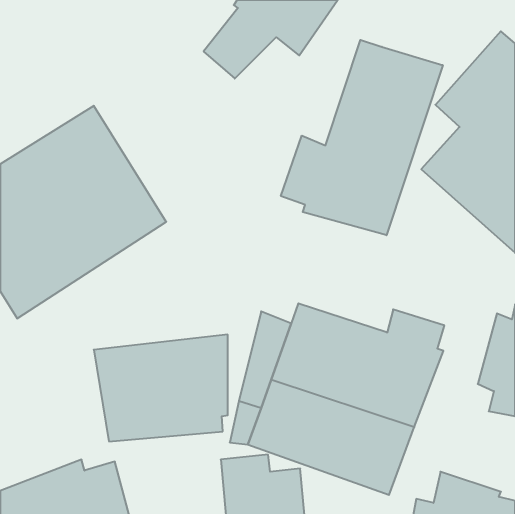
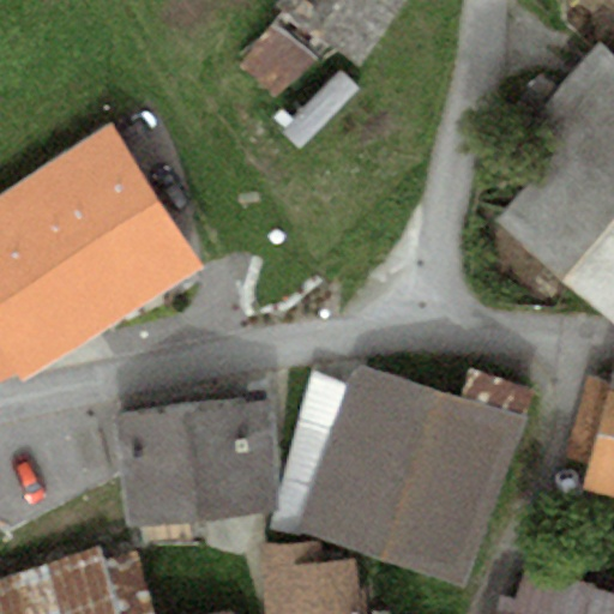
building: [281,40,443,235] -> none

